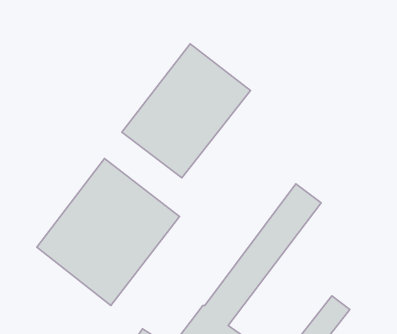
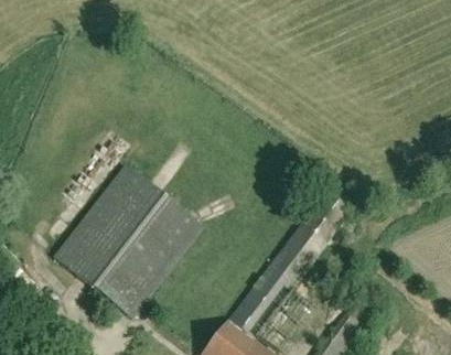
building: [122,44,250,178] -> none

